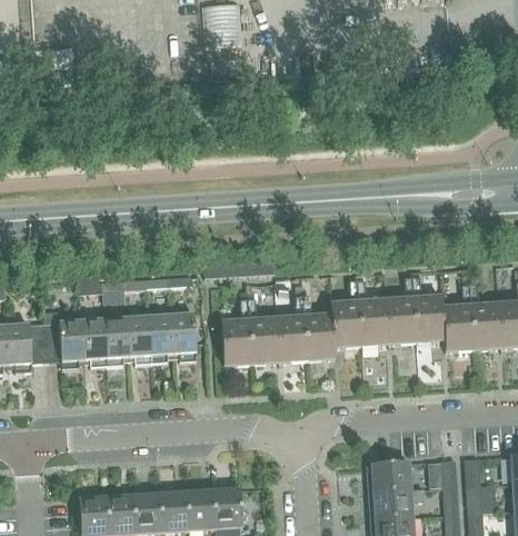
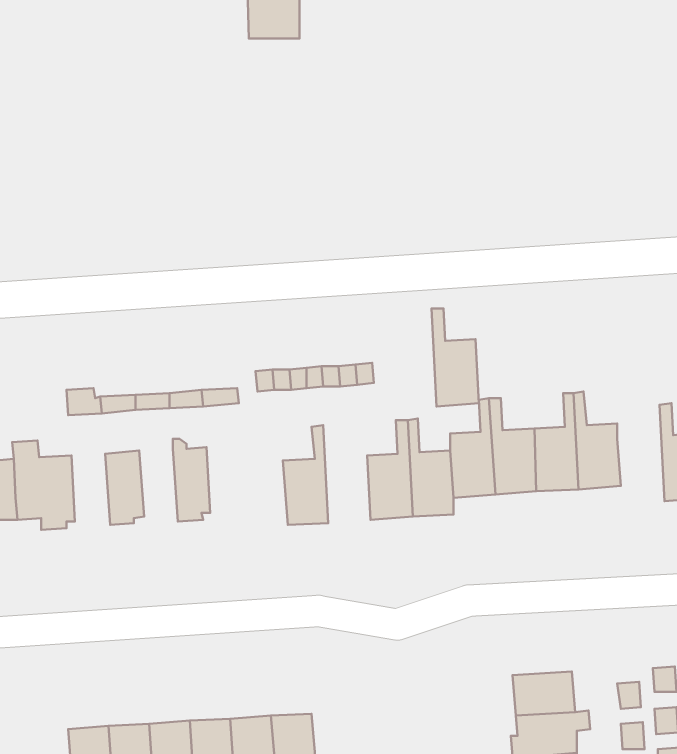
building: [441,286,472,351] -> none
building: [248,299,279,364] -> [432,309,479,407]
building: [82,310,108,366] -> none
building: [171,311,197,360] -> none
building: [127,315,152,364] -> none

